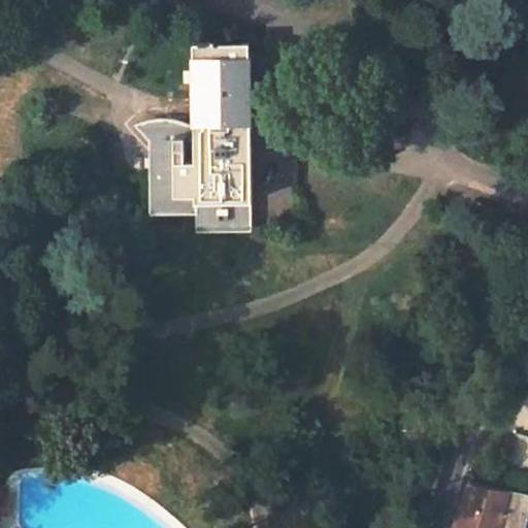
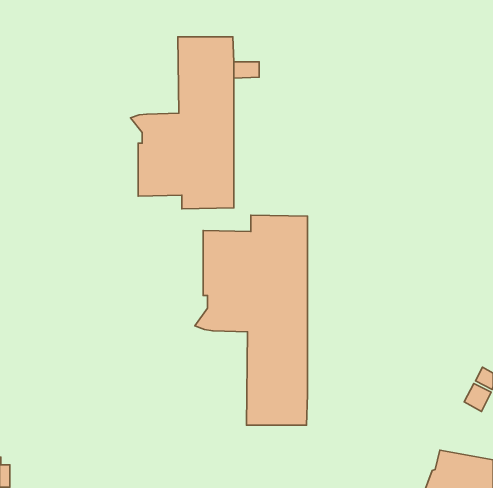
building: none -> [195,215,308,425]

